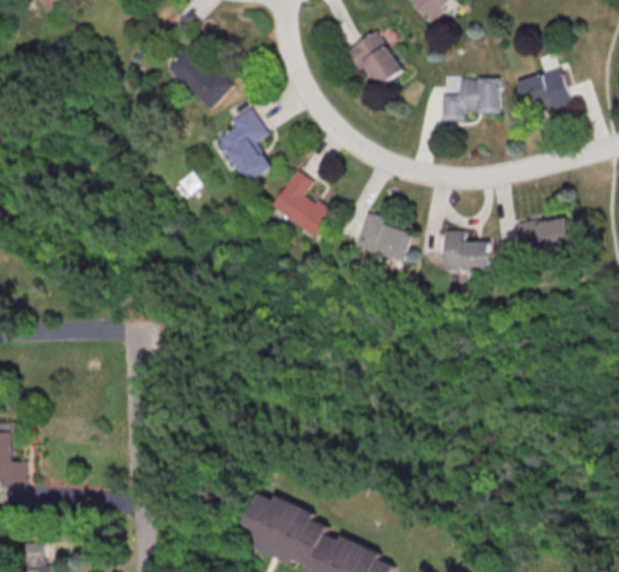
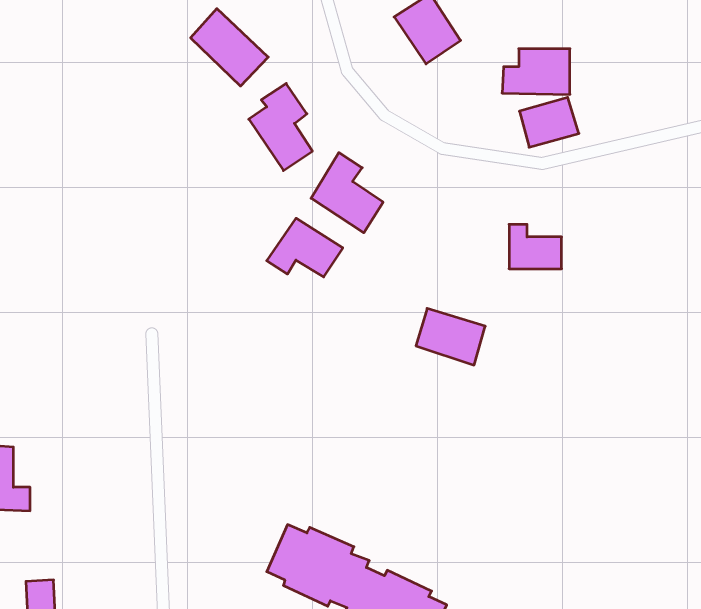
building: [516,69,568,112] -> [519,97,579,147]
building: [355,213,416,262] -> [416,308,485,365]
building: [517,214,573,256] -> none
building: none -> [267,218,343,277]

